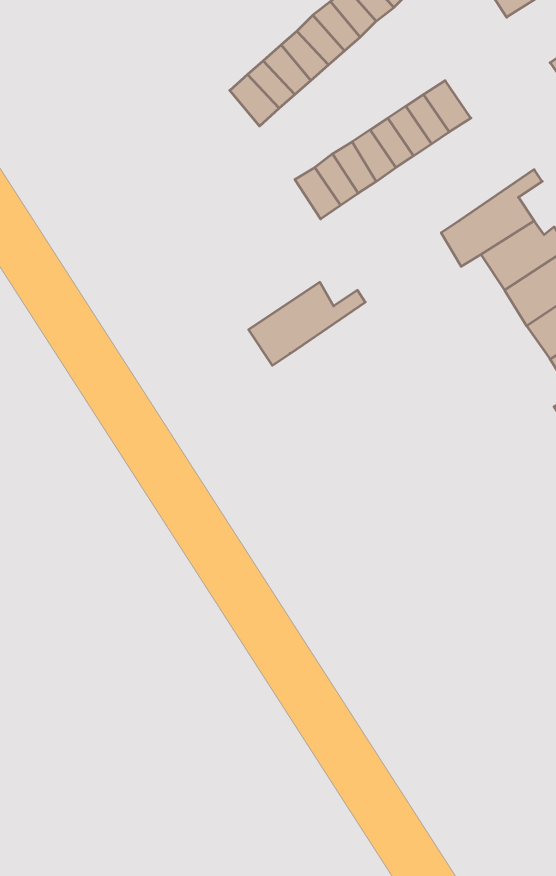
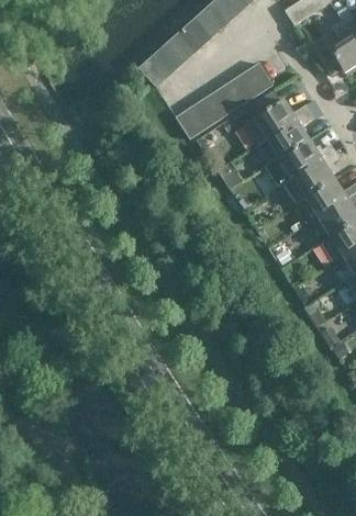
building: [249,282,365,365] -> [244,100,309,146]

